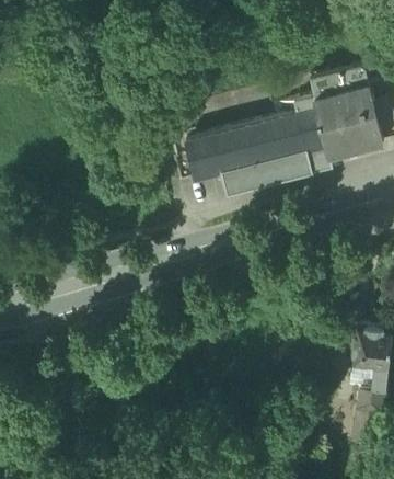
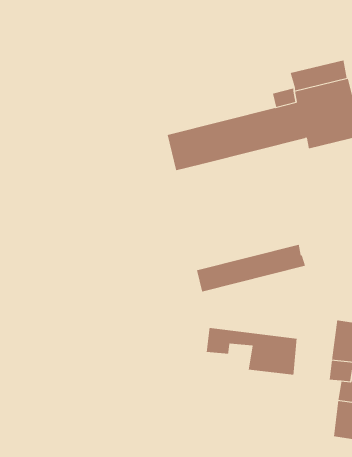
building: [222,146,333,194] -> [196,244,306,292]
building: none -> [206,327,297,375]

